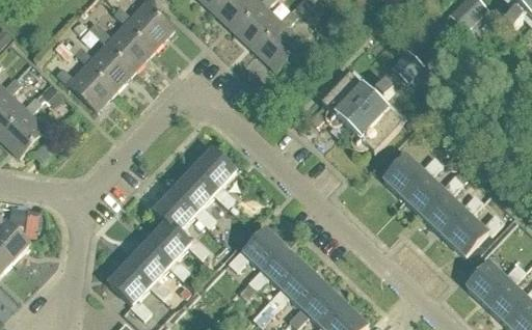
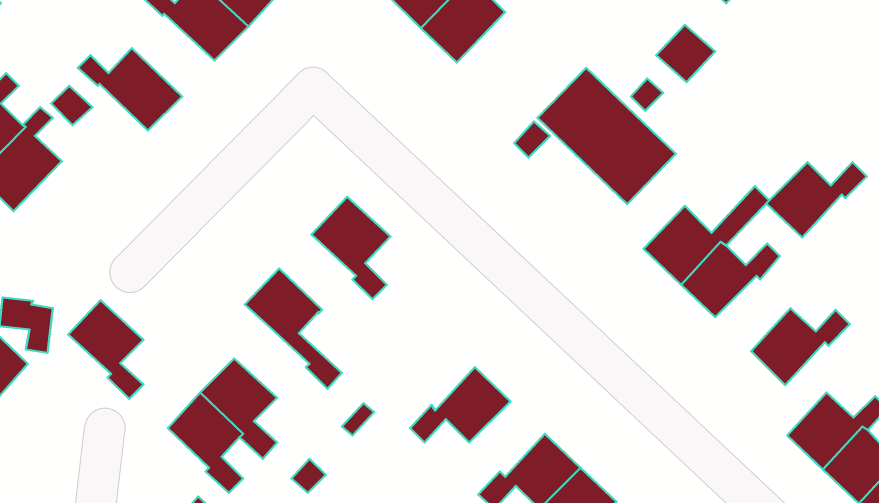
building: [75,42,135,89] -> none
building: [172,169,224,232] -> none
building: [425,193,483,237] -> [766,162,867,238]
building: [147,221,190,278] -> [68,300,143,399]
building: [228,227,286,271] -> none
building: [268,266,326,309] -> none

